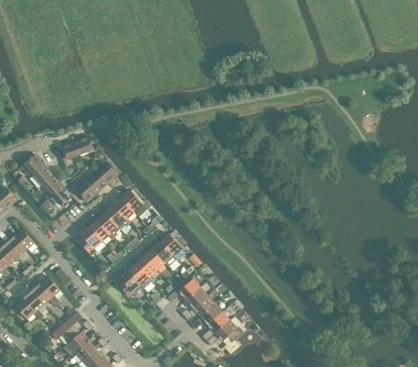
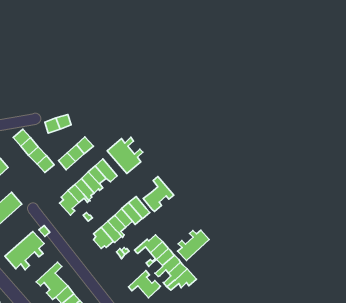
building: none -> [107,137,143,174]
building: none -> [143,177,174,212]
building: none -> [178,230,209,261]
building: none -> [128,271,161,298]

